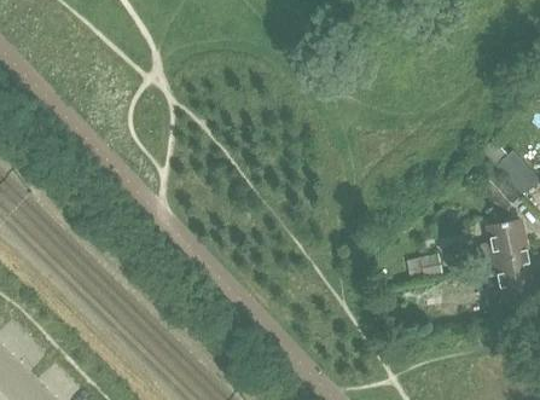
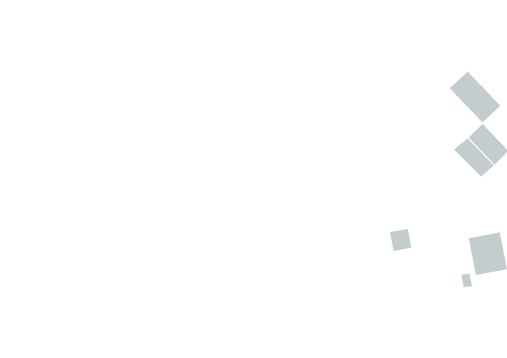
building: none -> [449,71,501,123]
building: [488,220,528,262] -> none

